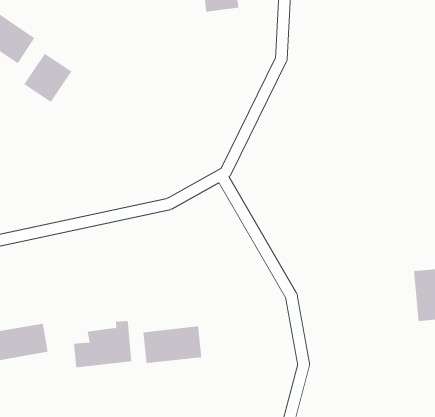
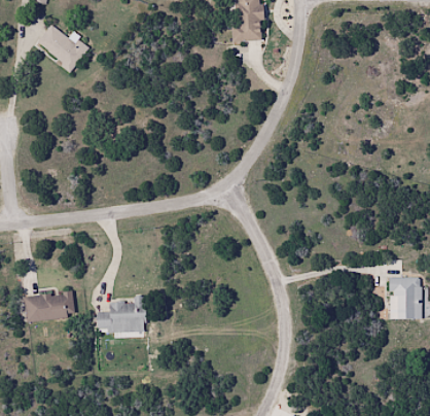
building: [23,53,72,103] -> none
building: [143,326,202,364] -> none

